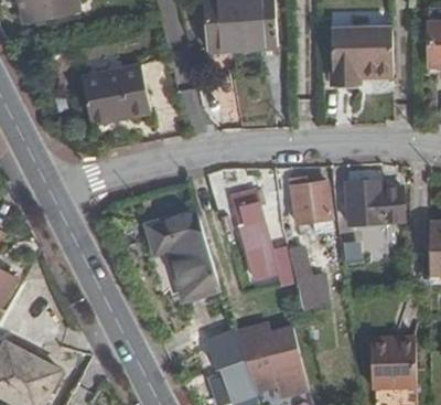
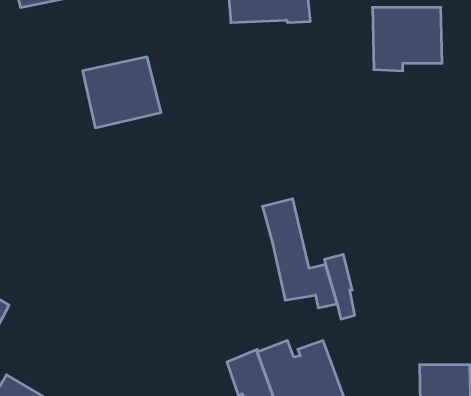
building: [345,177,402,220] -> none
building: [291,181,333,231] -> none
building: [147,201,216,289] -> none

